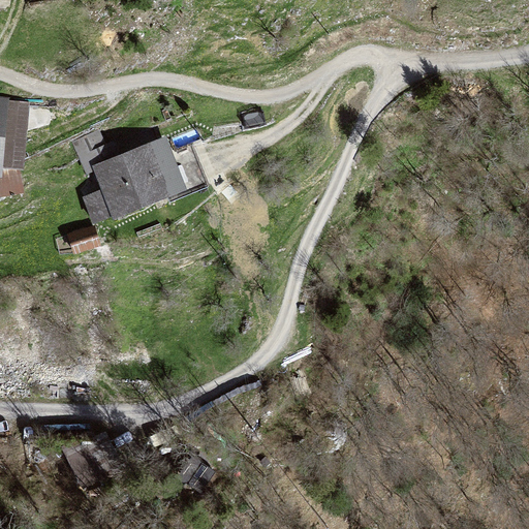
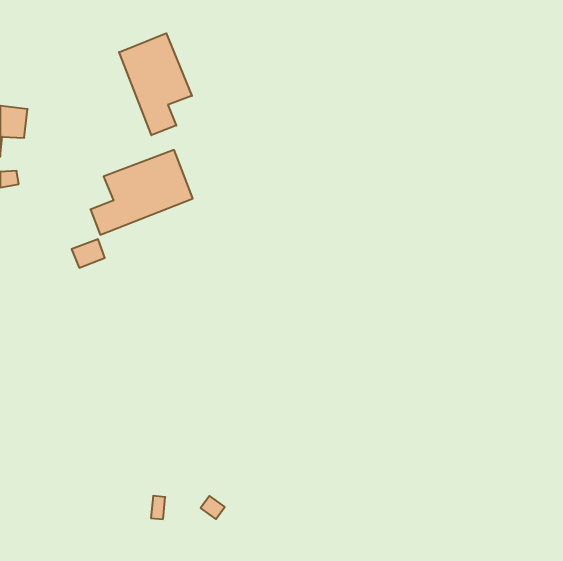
building: none -> [119,33,192,135]

